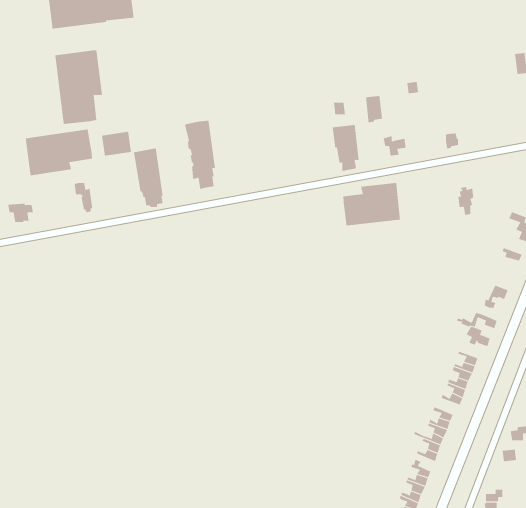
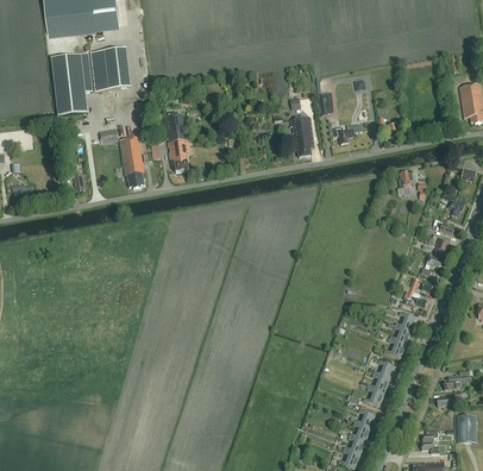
building: none -> [89,48,130,92]
building: [25,129,92,176] -> none
building: [343,182,401,227] -> none

